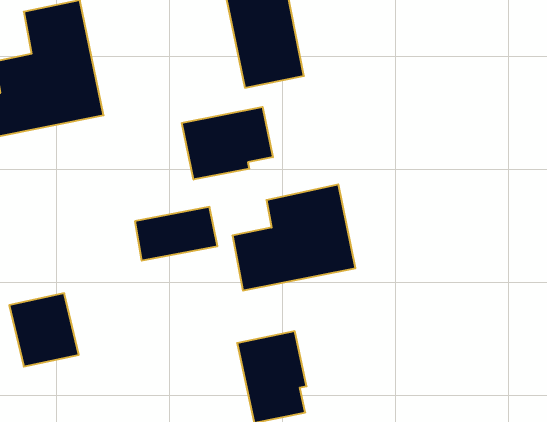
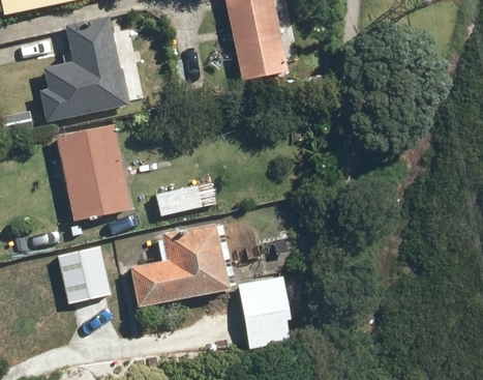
building: [182,107,273,180] -> none
building: none -> [57,122,134,220]
building: [232,184,355,291] -> [129,226,227,310]

